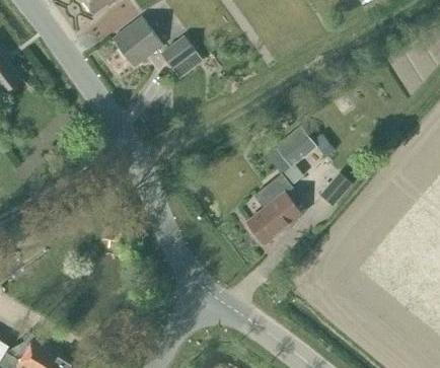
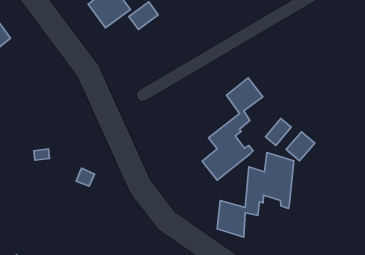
building: none -> [286,132,315,161]
building: none -> [217,153,294,237]

